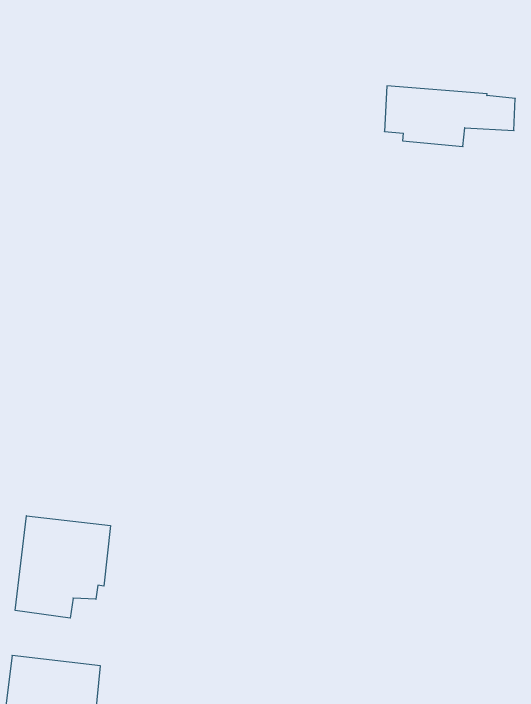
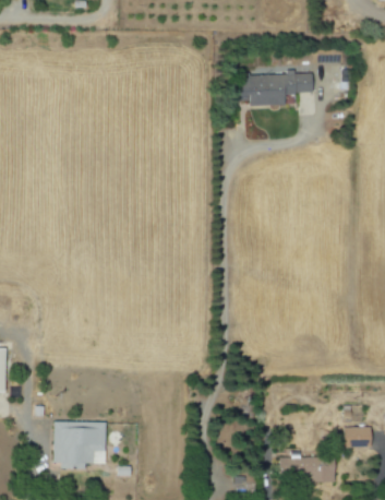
building: [15,516,110,618] -> none

